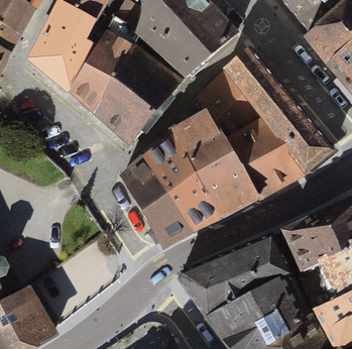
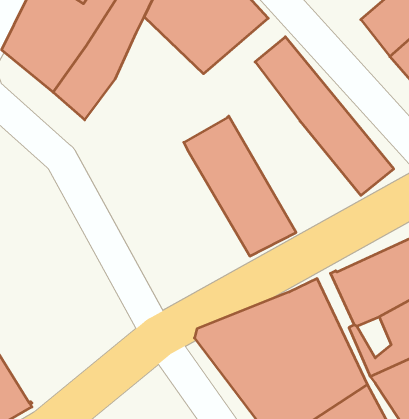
building: [94,46,180,143] -> none
building: [194,69,305,199] -> none
building: [120,136,220,246] -> none

